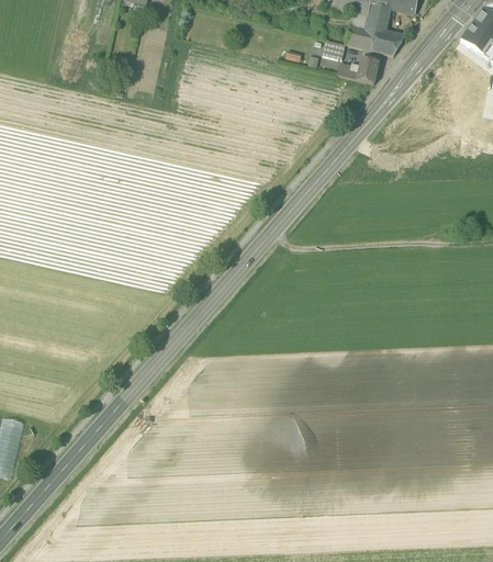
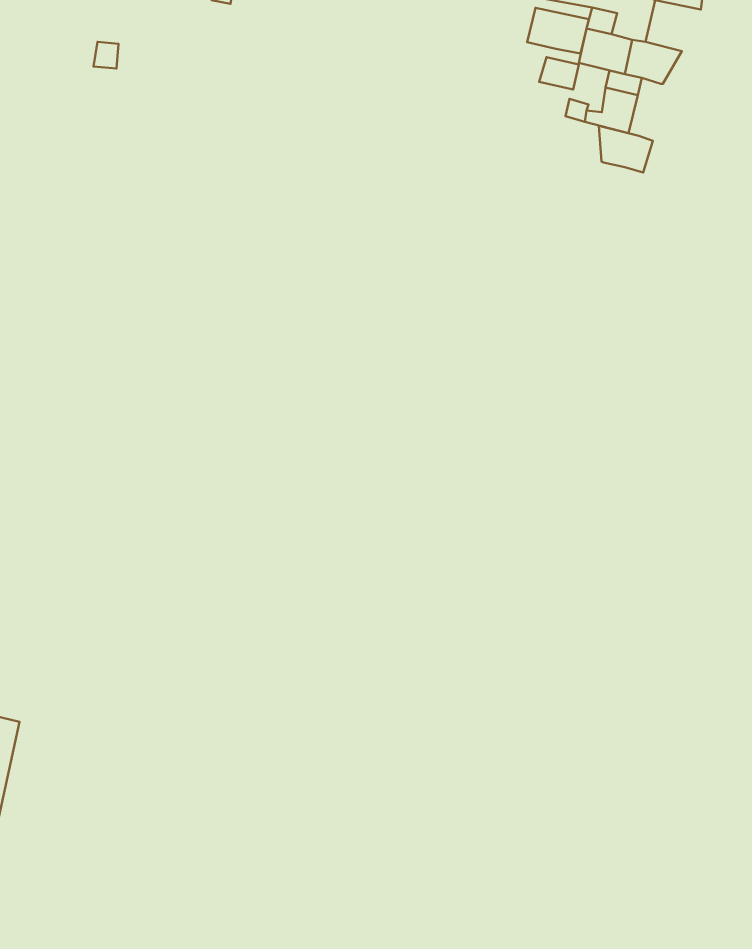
building: none -> [527,8,589,54]
building: none -> [599,126,653,173]

